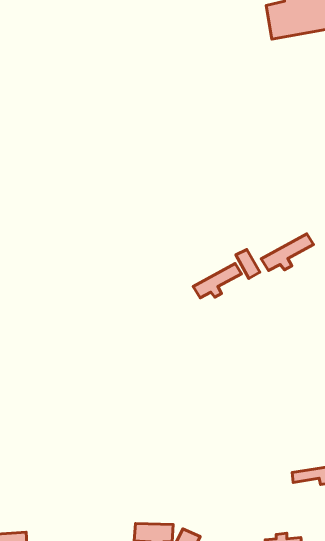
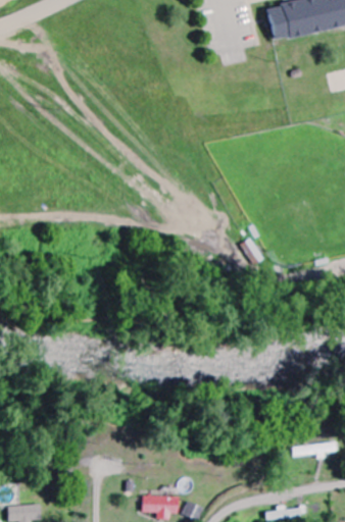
building: [261,234,313,271] -> none
building: [193,264,241,298] -> none

